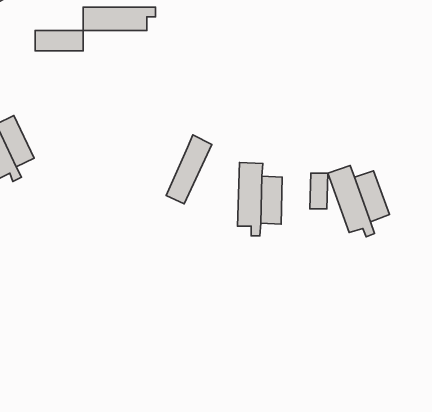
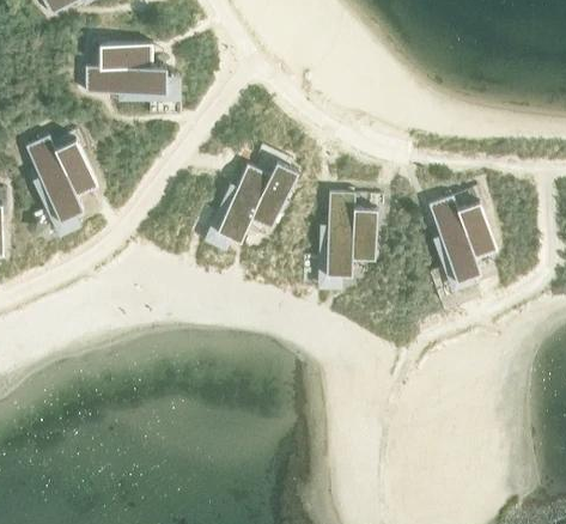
building: [83,7,155,31] -> [84,66,165,92]
building: none -> [220,164,269,240]
building: [310,173,328,209] -> none

